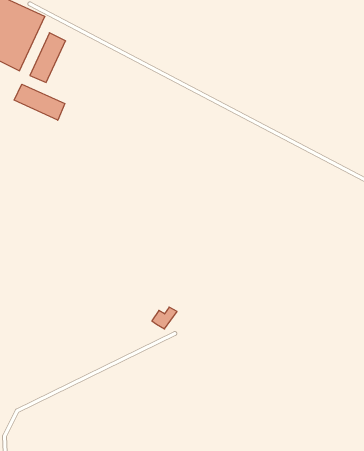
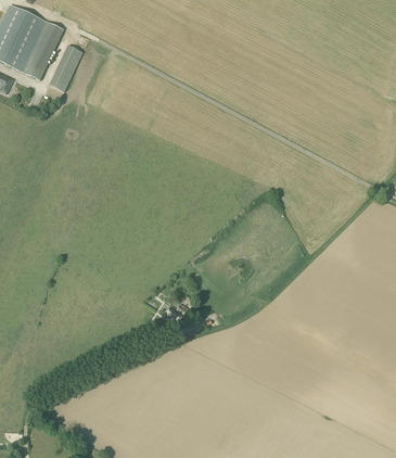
building: [14,84,65,120] -> none

